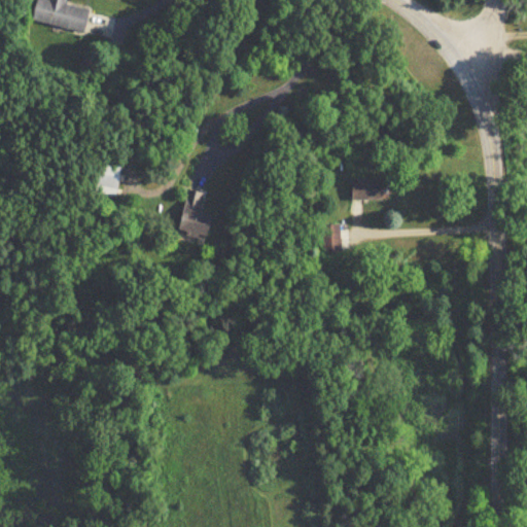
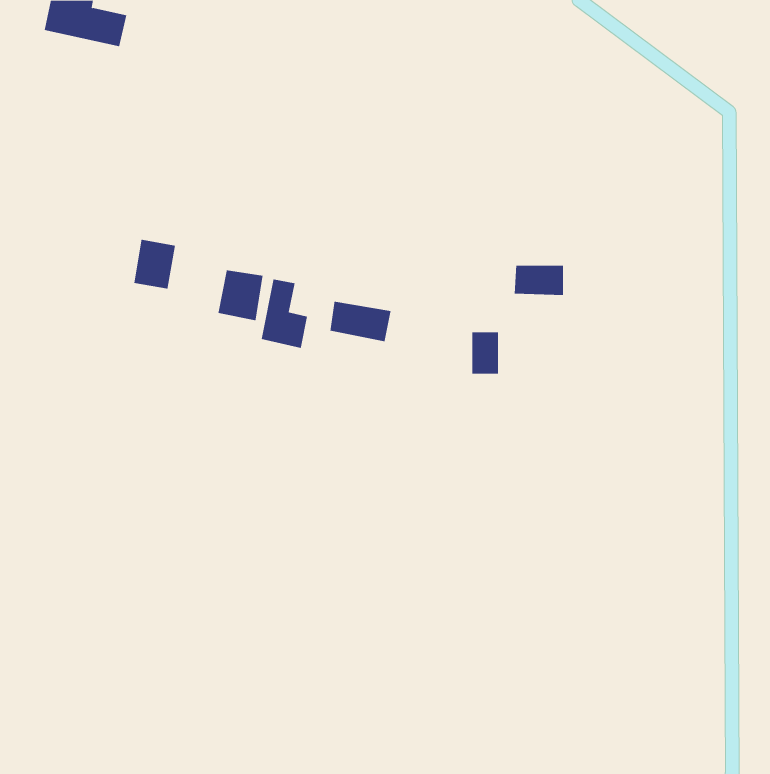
building: none -> [218,269,263,321]
building: none -> [330,301,391,342]

